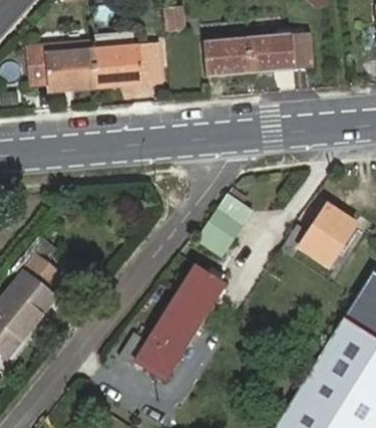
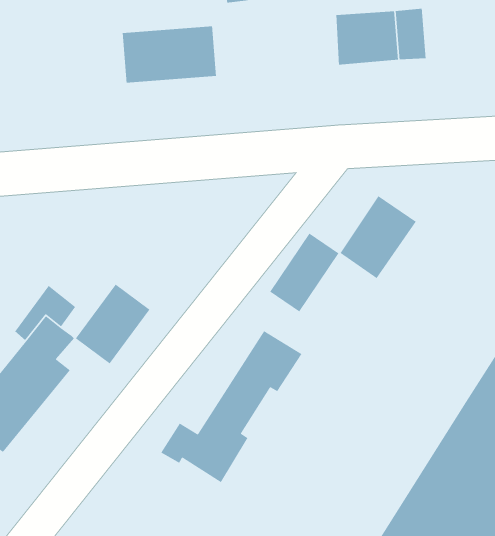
building: [204,36,250,76] -> none
building: [29,44,95,90] -> none
building: [300,203,356,264] -> [340,195,417,279]
building: none -> [75,283,151,365]

